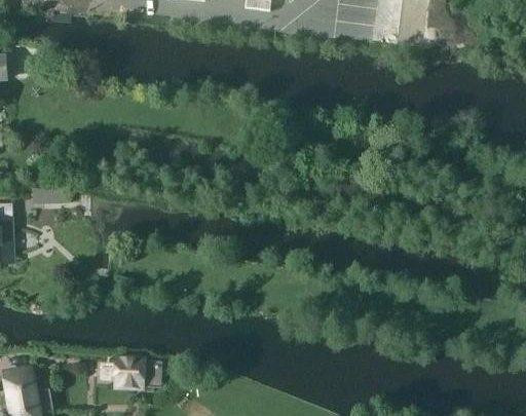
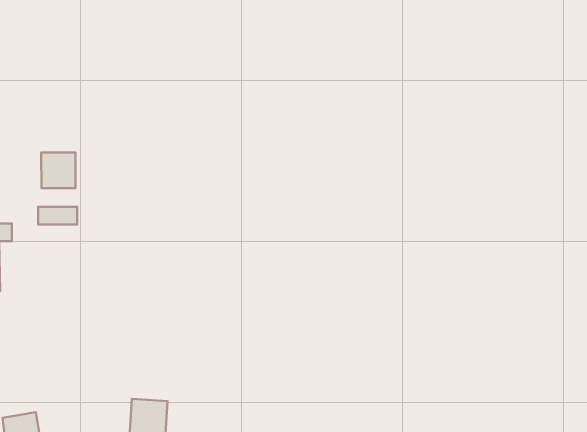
building: none -> [41,153,76,188]

